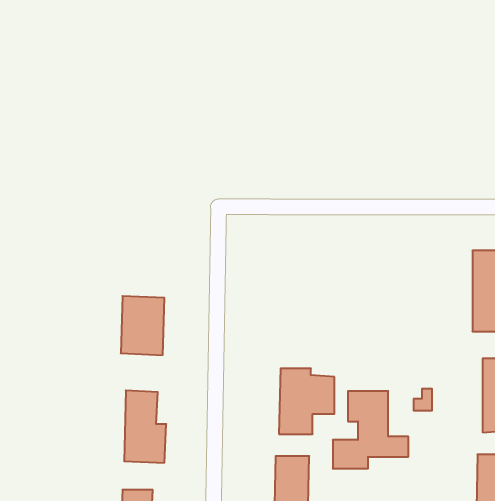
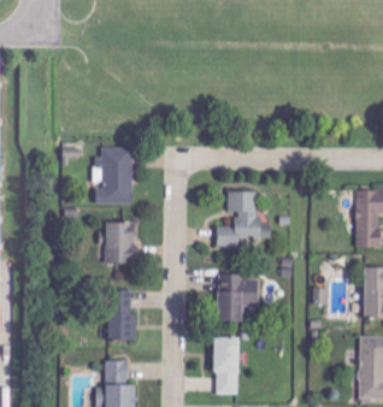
building: none -> [95,147,134,204]
building: [333,391,408,469] -> [218,190,272,246]

